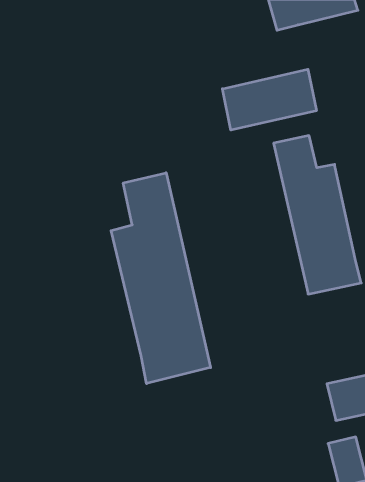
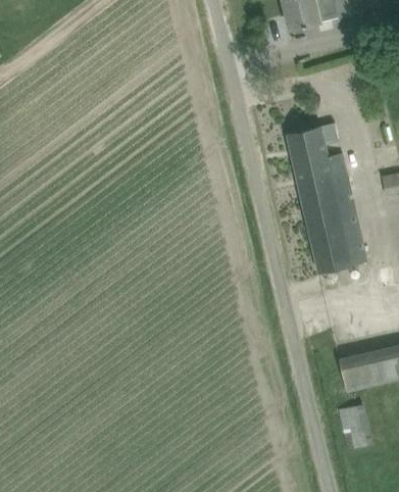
building: [222,69,316,130] -> none
building: [111,173,211,384] -> none

